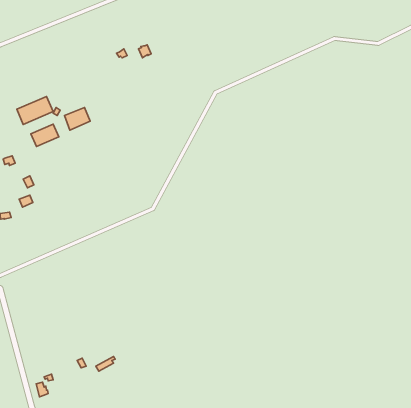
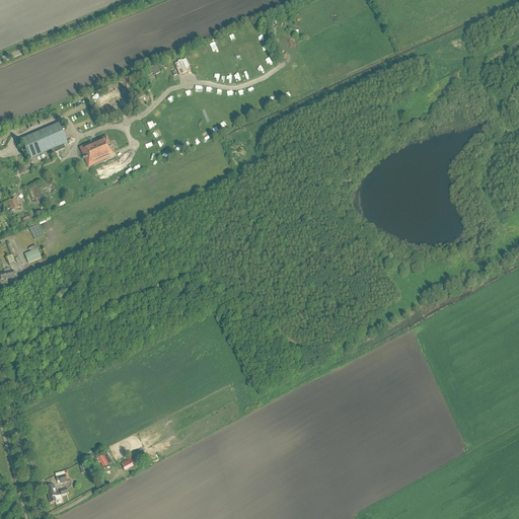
building: [31,124,59,147] -> none

